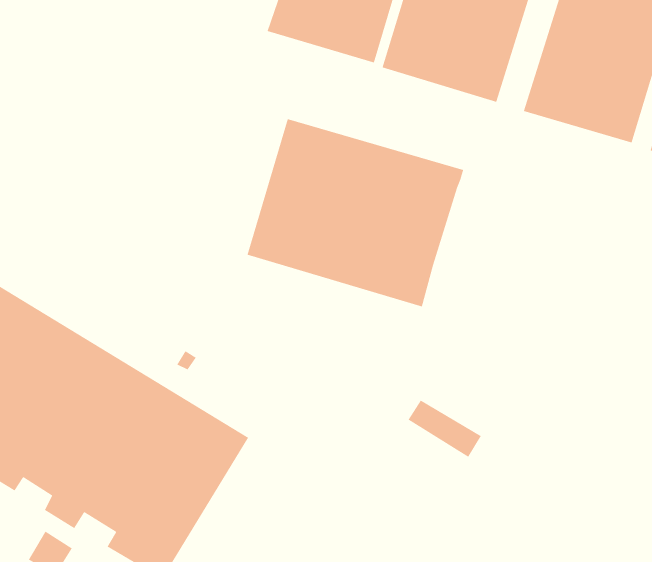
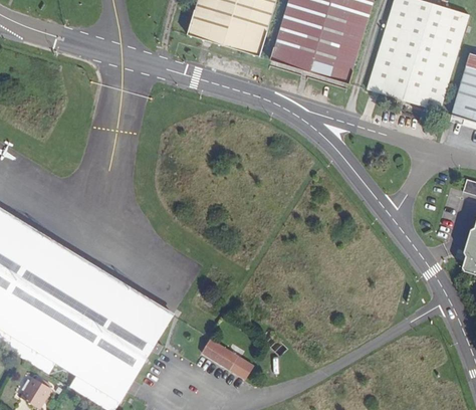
building: [246,118,464,308] -> none
building: [407,400,482,458] -> [204,343,255,383]

